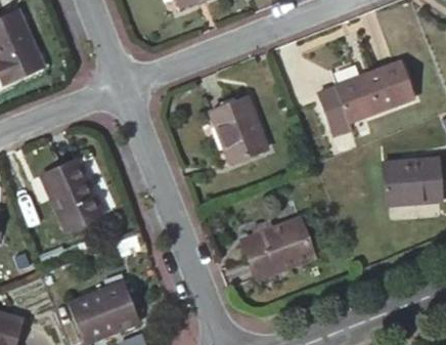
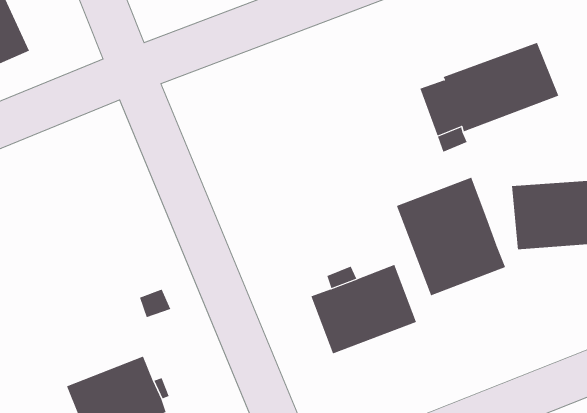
building: [209,94,269,164] -> none
building: none -> [396,177,506,296]
building: [41,160,101,229] -> none

